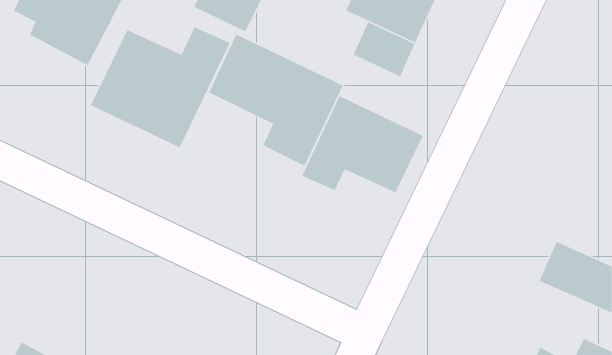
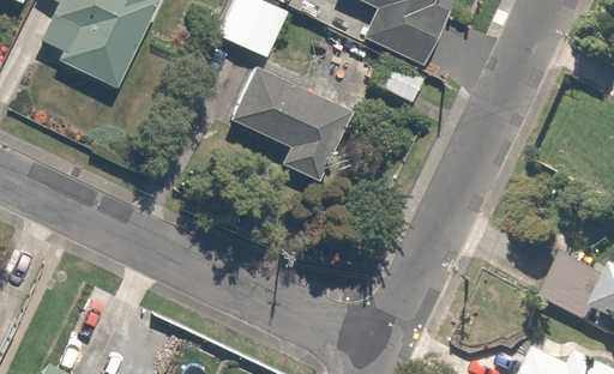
building: [90,26,231,149] -> none
building: [301,95,424,193] -> none

